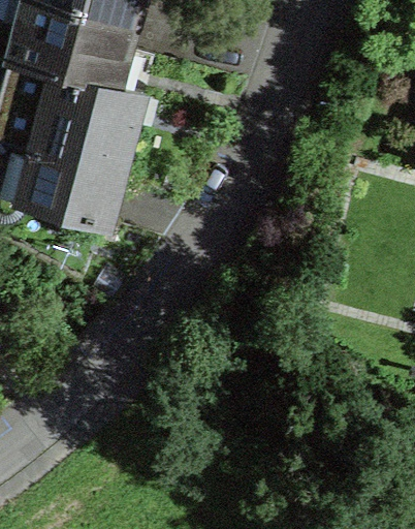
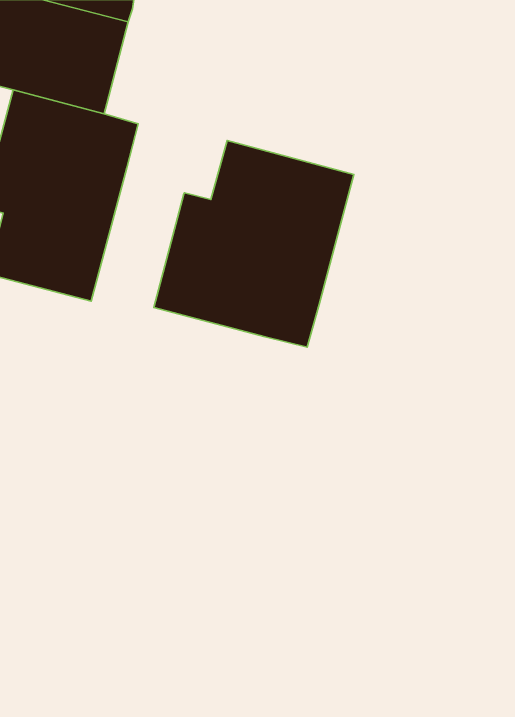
building: none -> [154,140,354,347]

